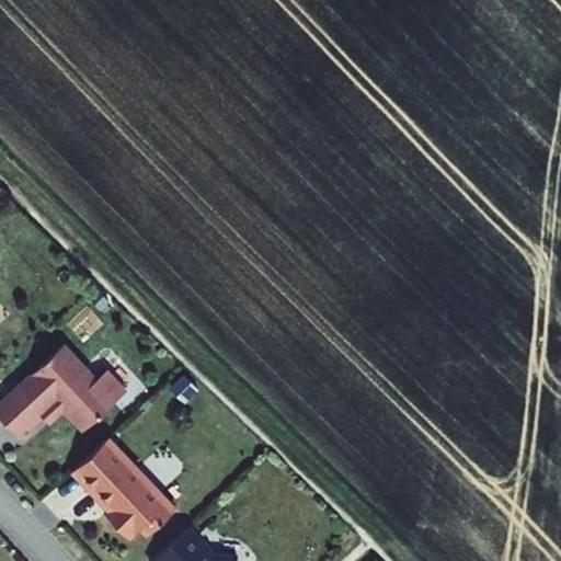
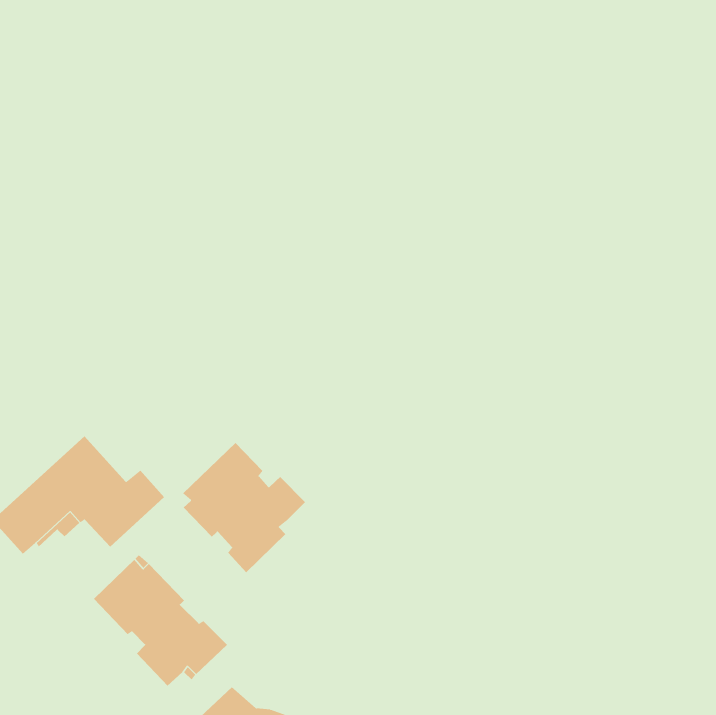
building: none -> [182,442,306,573]

